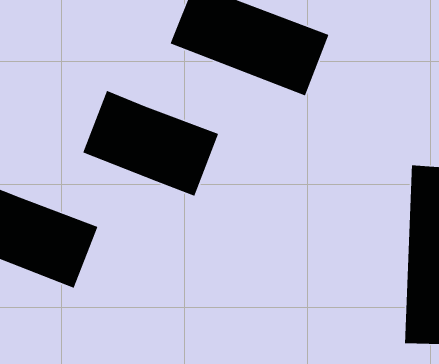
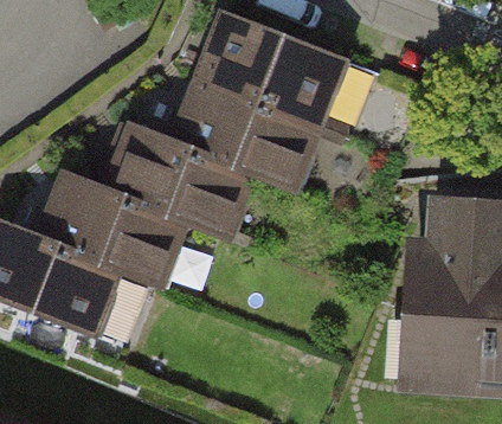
building: none -> [165,79,329,197]
building: none -> [36,176,175,282]

